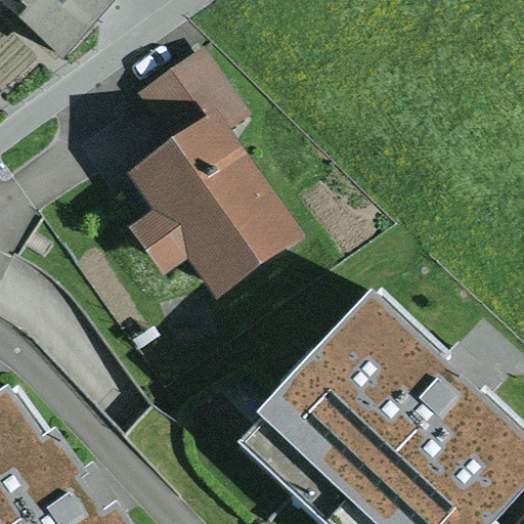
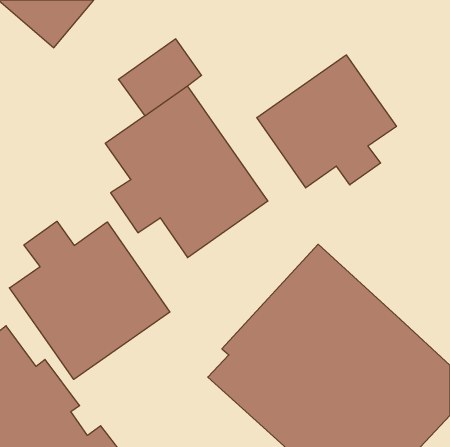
building: none -> [257,55,396,188]
building: none -> [9,221,170,379]

